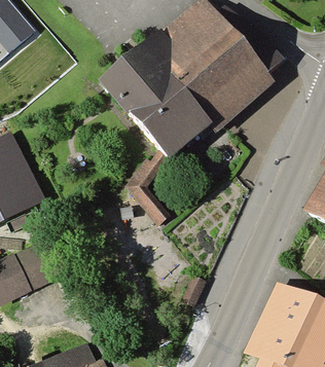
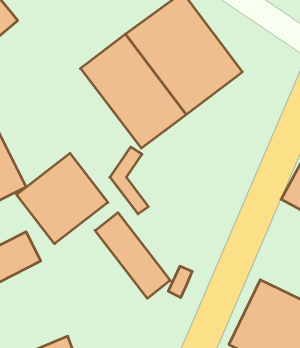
building: none -> [16,153,108,244]
building: none -> [95,213,170,298]

